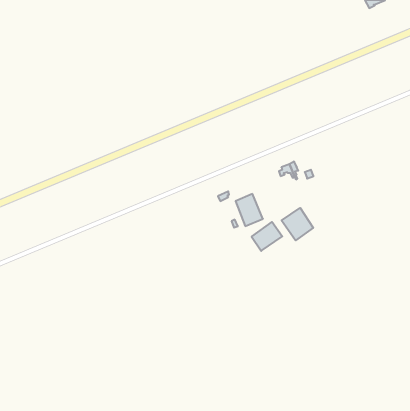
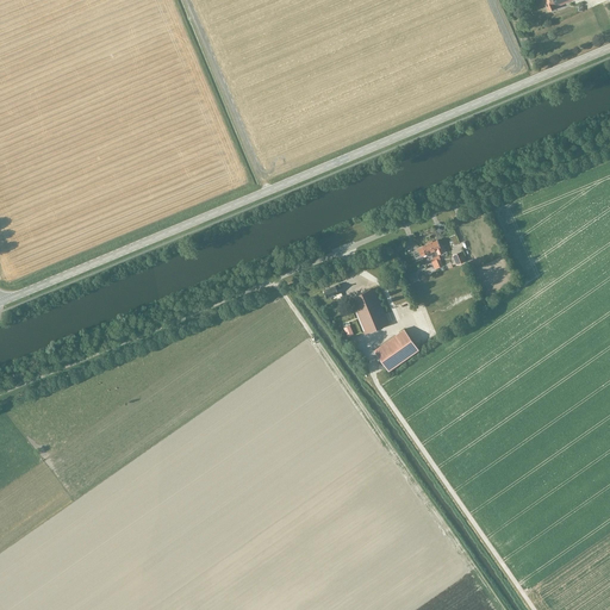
building: [282,208,313,240] -> none

